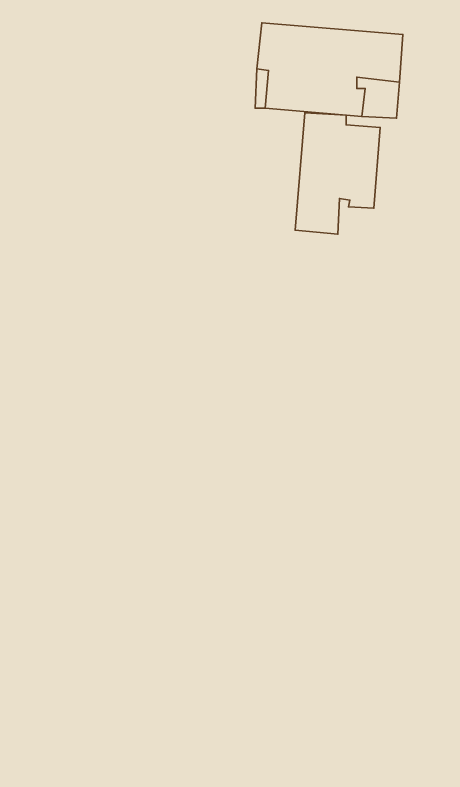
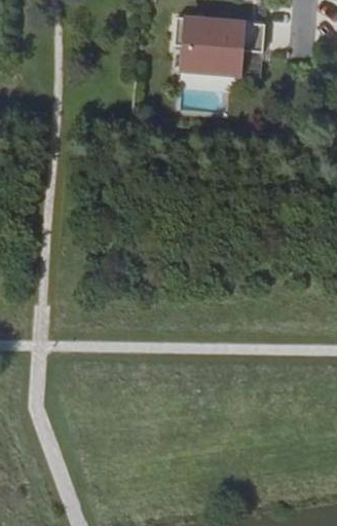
building: [295,113,380,234] -> none

